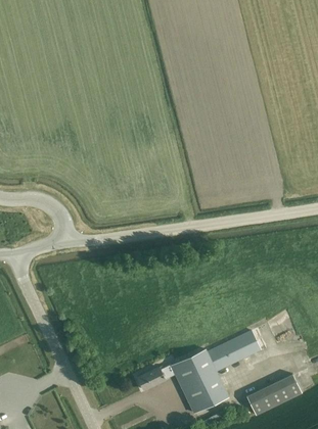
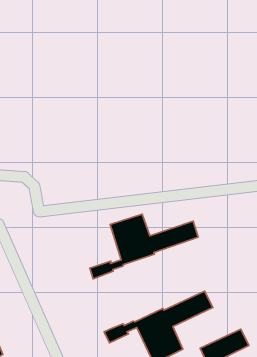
building: none -> [90,214,198,279]

